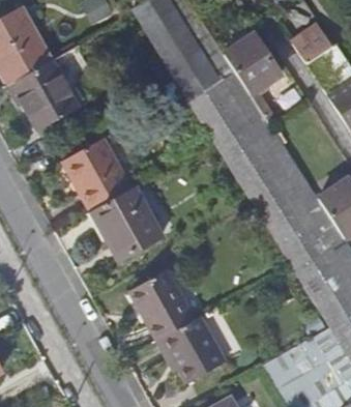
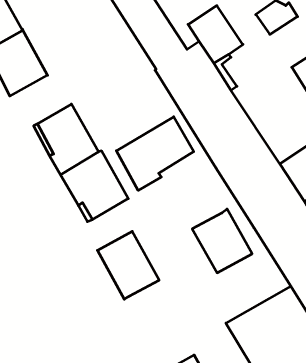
building: none -> [116,117,194,190]
building: [163,316,225,382] -> [192,209,252,273]

